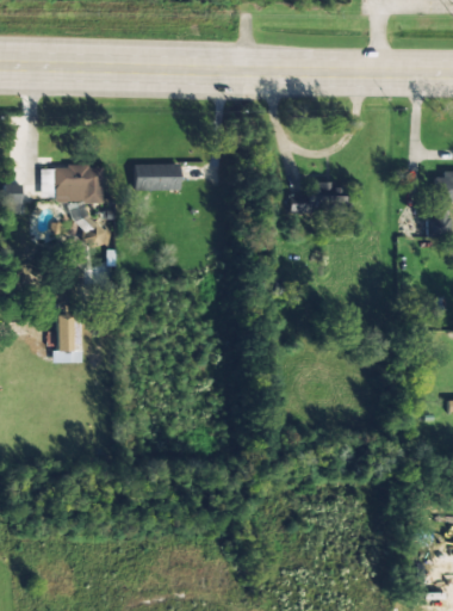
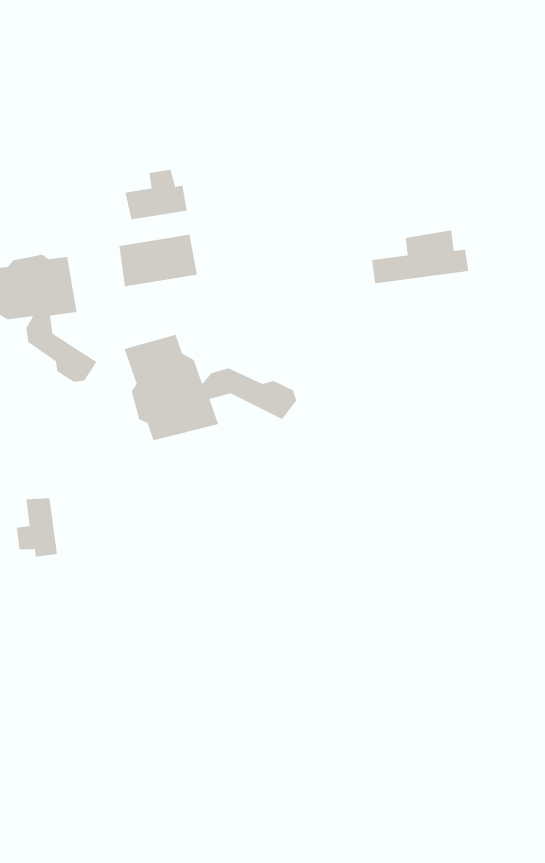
building: none -> [124,169,188,220]
building: none -> [124,334,297,441]

